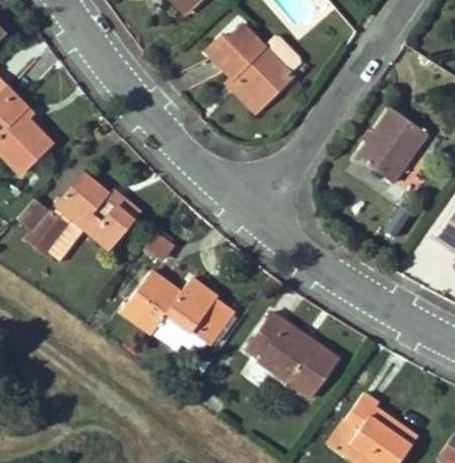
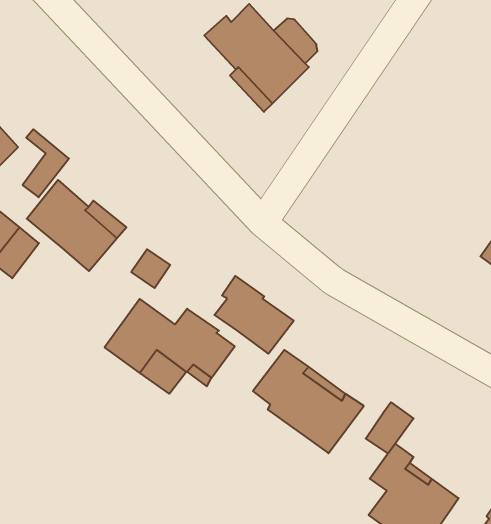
building: [358,109,427,182] -> none
building: [48,203,86,260] -> [23,129,69,197]
building: none -> [214,276,294,354]
building: none -> [366,402,414,453]

